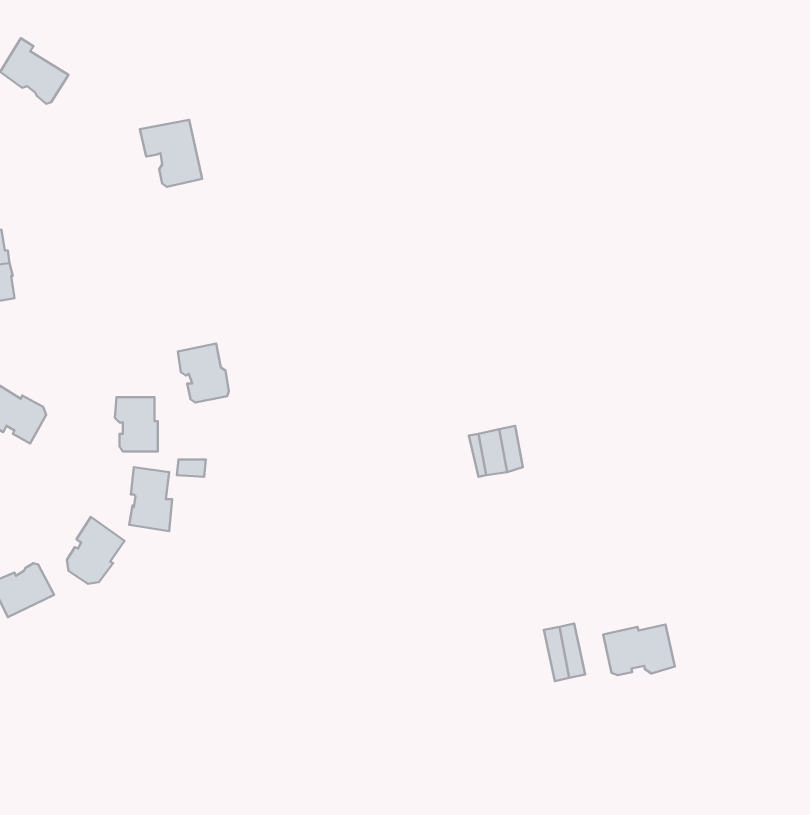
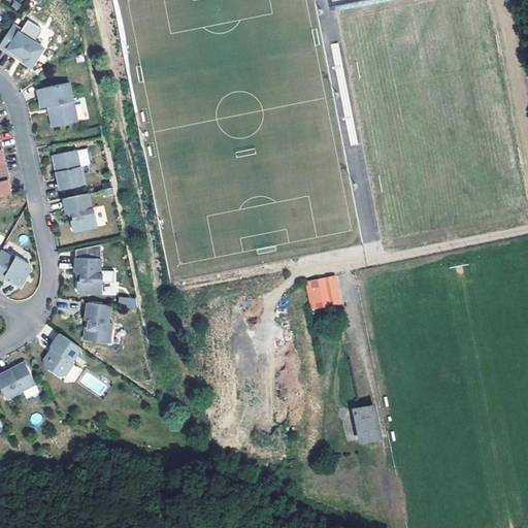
building: [140,120,202,187] -> [38,84,78,127]
building: none -> [53,151,84,190]
building: [178,343,229,402] -> [63,194,96,232]
building: [603,624,675,675] -> none

